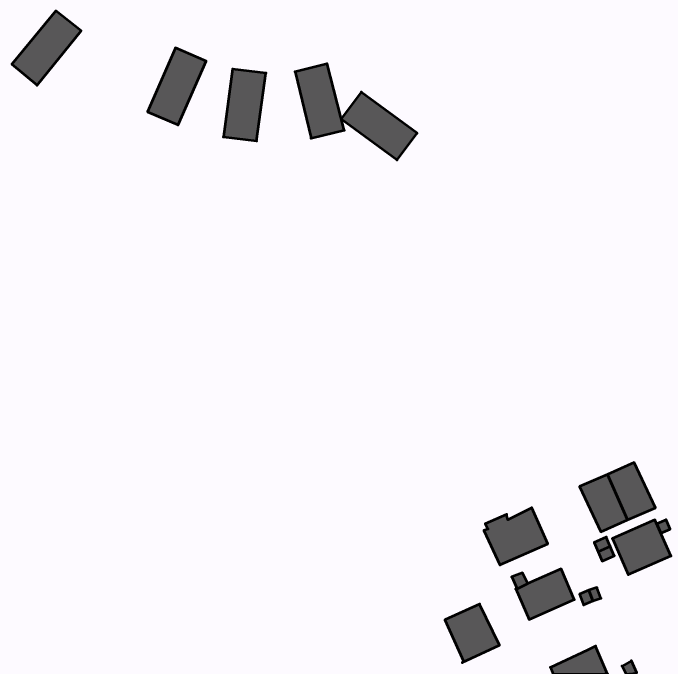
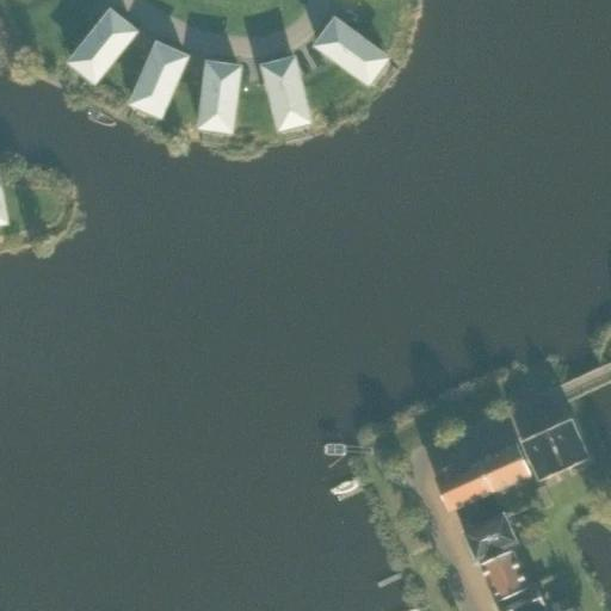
building: [12,11,81,85] -> [72,11,134,78]
building: [341,92,417,160] -> [317,18,385,79]
building: [612,520,671,575] -> [477,439,530,488]
building: [445,604,499,663] -> [479,547,527,599]

